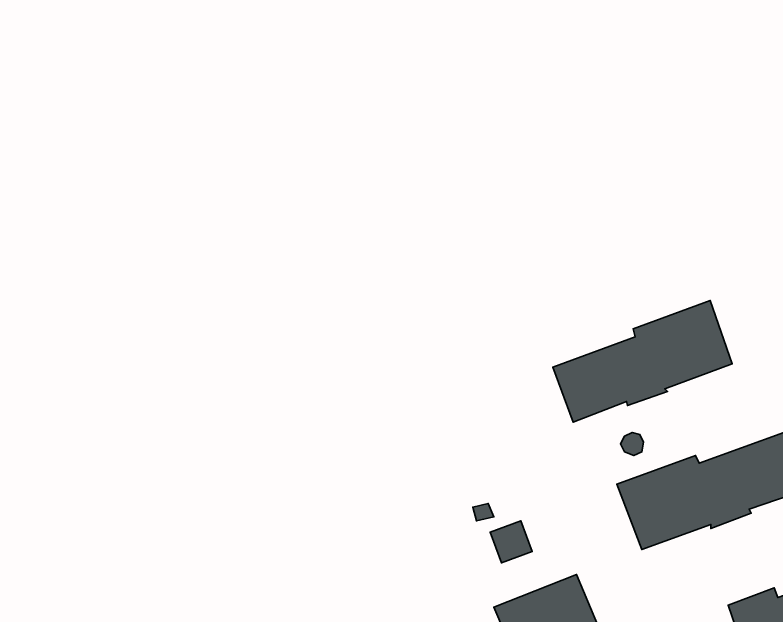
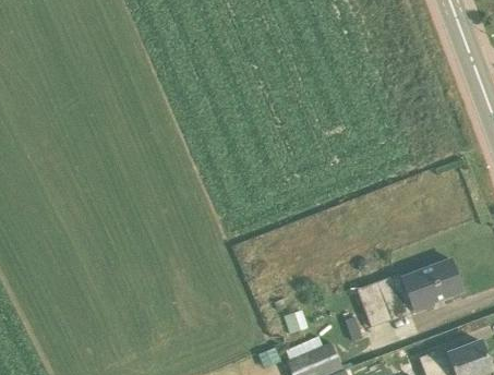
building: [553,301,732,422] -> none

